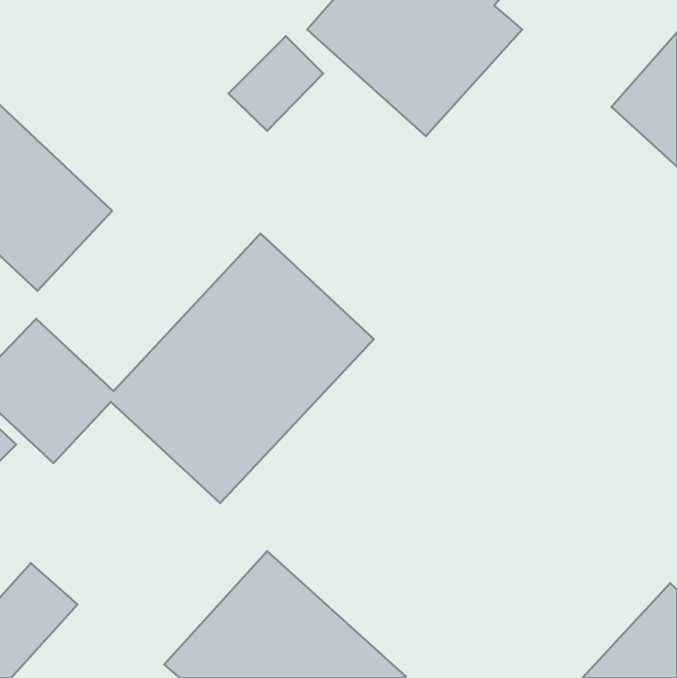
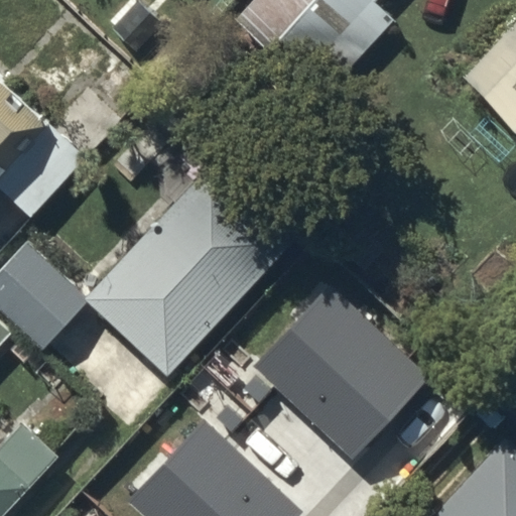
building: none -> [259,290,426,458]

